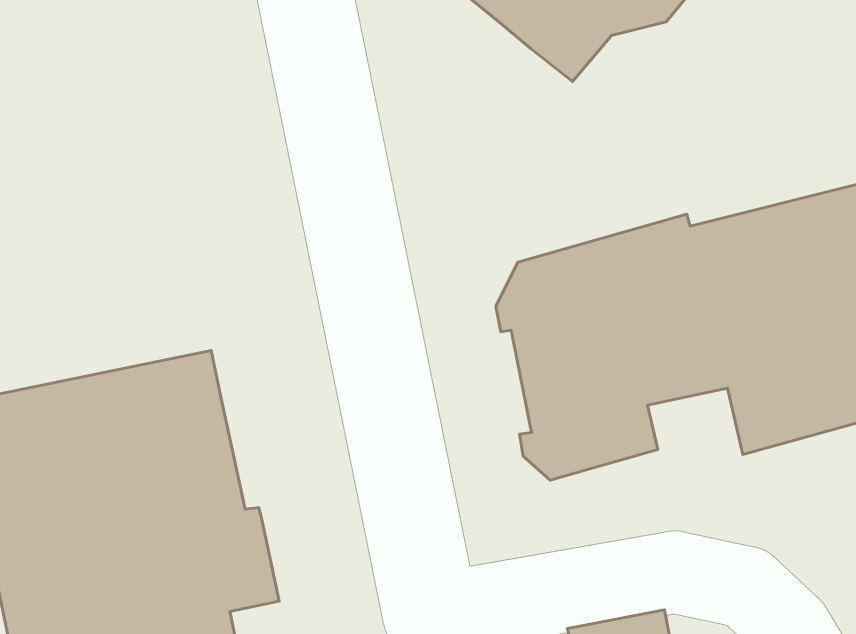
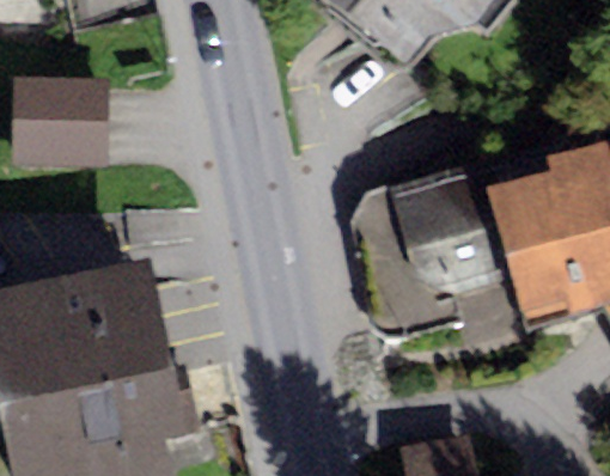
building: none -> [13,75,108,167]

